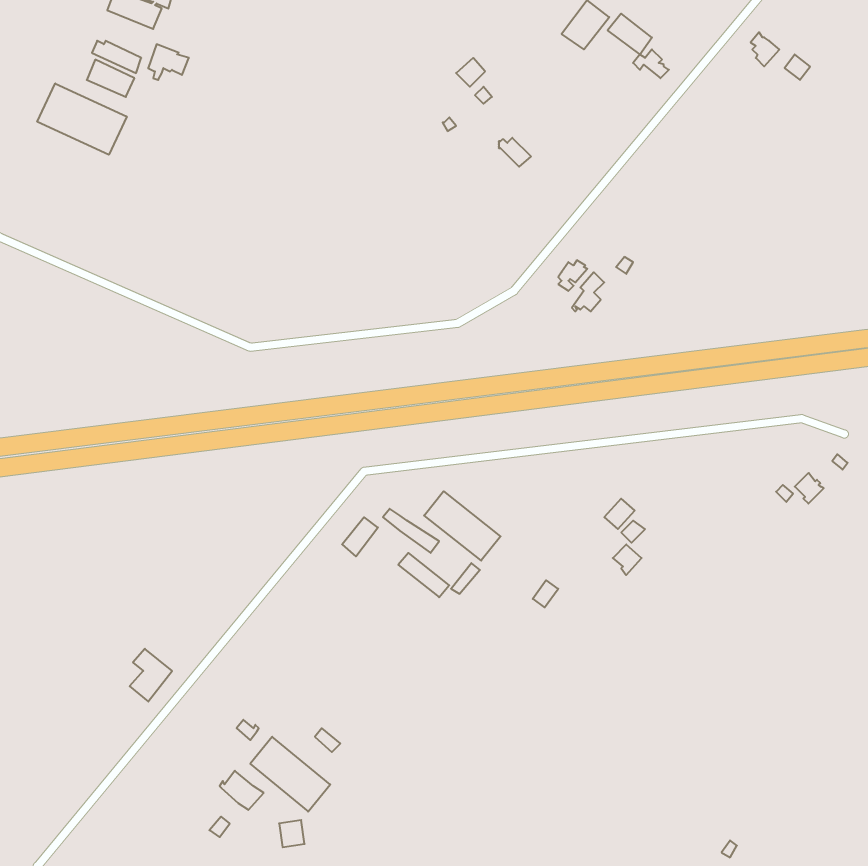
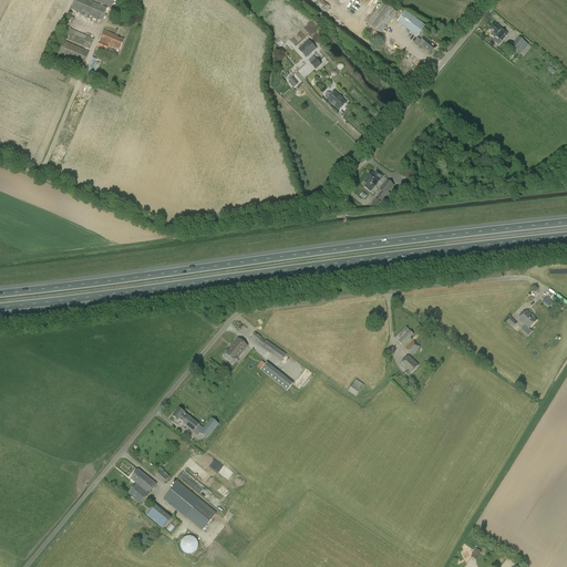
building: [37,83,127,155] -> none
building: [424,491,501,561] -> none
building: none -> [172,406,218,435]
building: [130,649,172,702] -> [127,467,155,502]

